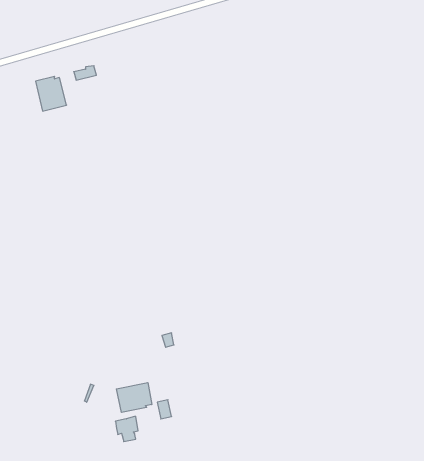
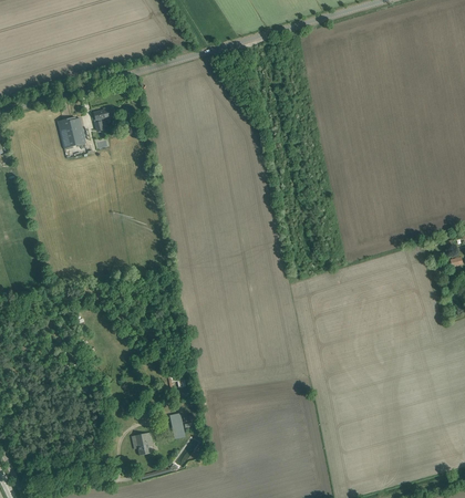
building: [116,383,152,412] -> none

